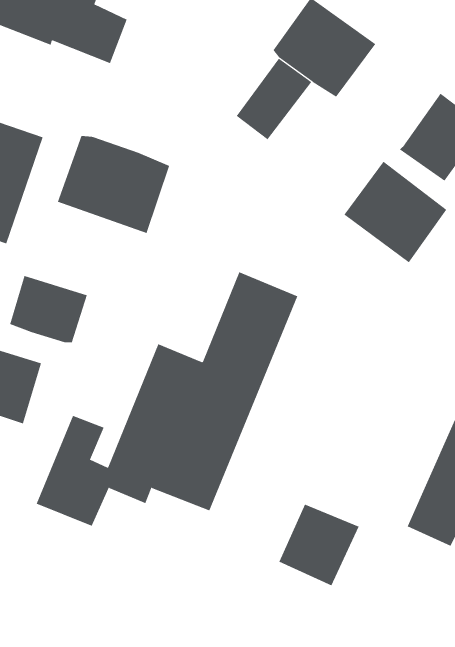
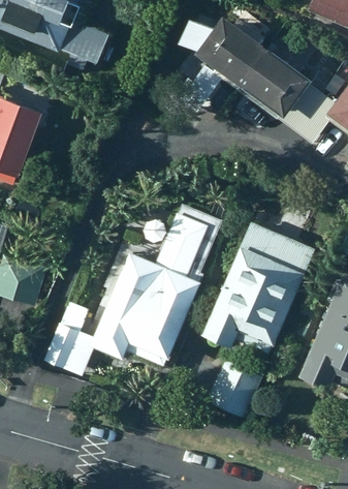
building: [57,135,170,234] -> none
building: [343,161,447,263] -> [248,50,318,119]
building: [10,275,87,343] -> none
building: none -> [197,221,313,355]

